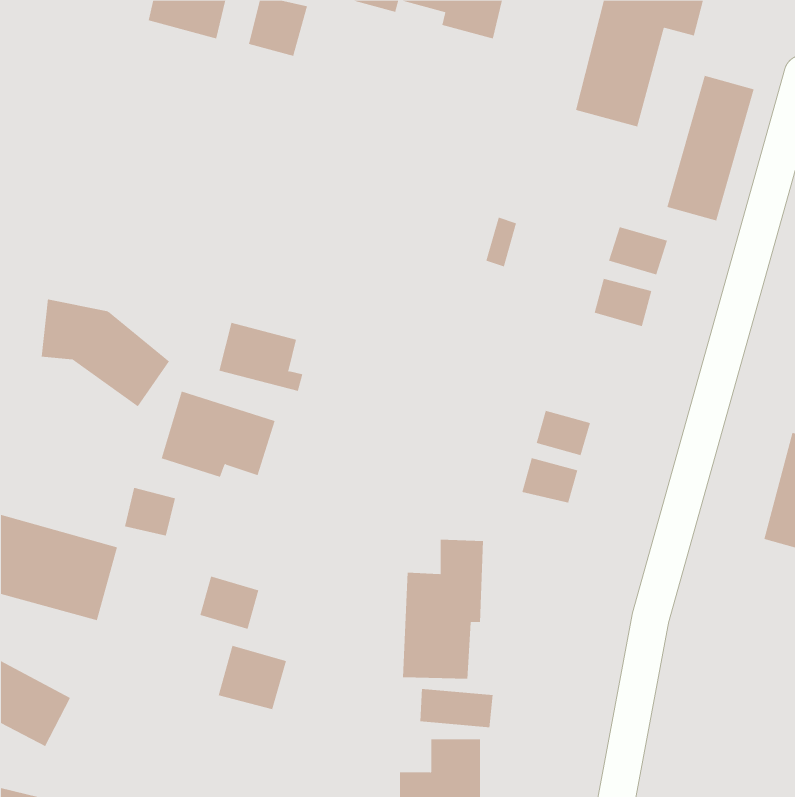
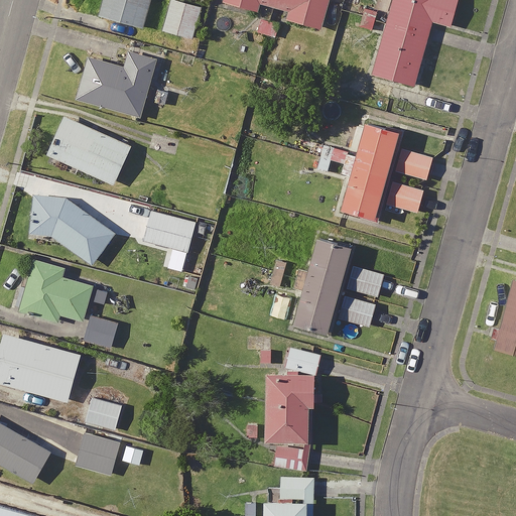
building: [666,75,754,221] -> [339,122,395,216]
building: none -> [77,54,157,118]
building: none -> [47,117,131,184]
building: none -> [292,237,347,331]
building: [161,391,276,477] -> [20,267,94,322]
building: [199,576,259,629] -> [86,397,124,431]
building: [218,645,287,710] -> [78,434,122,476]

